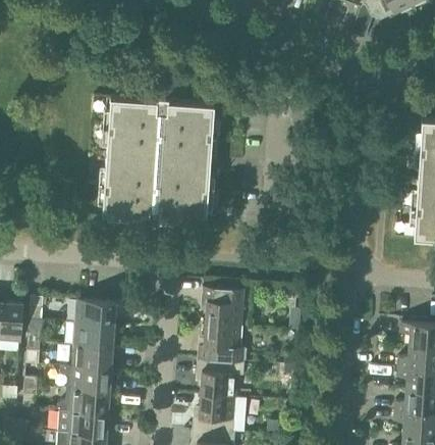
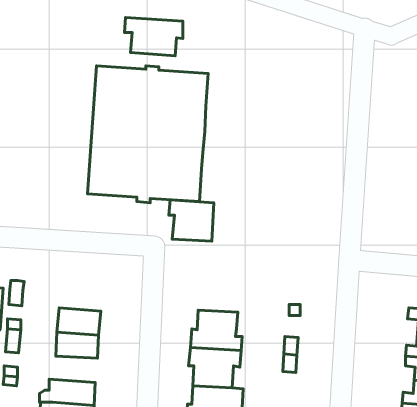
building: none -> [125,17,183,56]
building: [202,288,243,327] -> [169,200,214,241]
building: [75,300,115,326] -> none
building: [60,366,111,392] -> none

